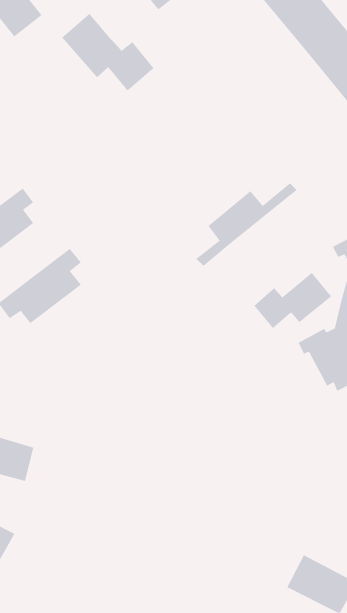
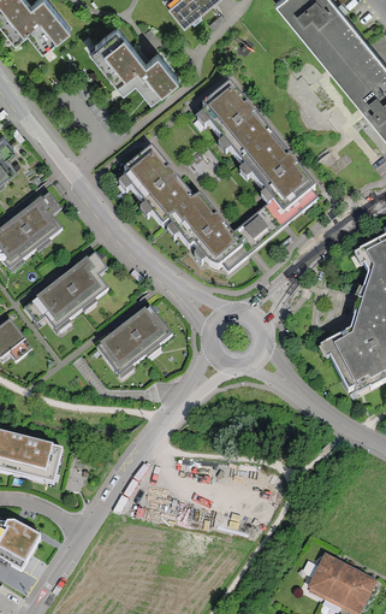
building: none -> [200,81,314,211]
building: none -> [120,146,239,264]
building: [254,272,332,329] -> none
building: none -> [94,303,168,373]

